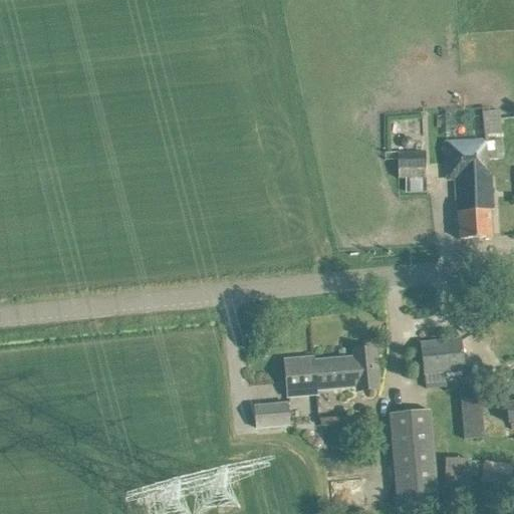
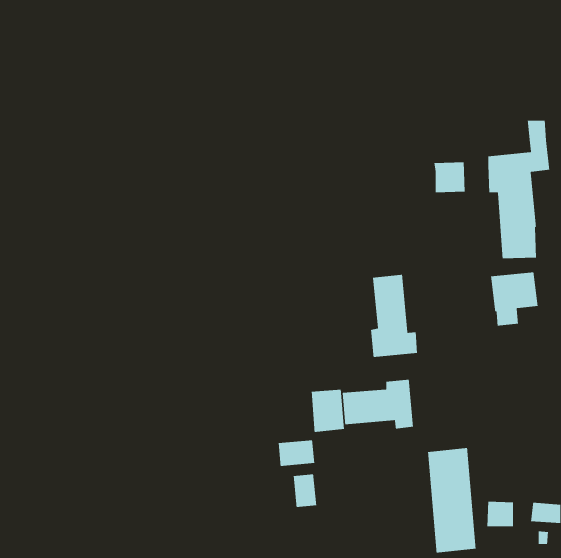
building: none -> [369,273,418,358]
building: [420,336,464,387] -> [490,271,538,326]
building: [459,383,485,438] -> none
building: none -> [293,473,317,508]

